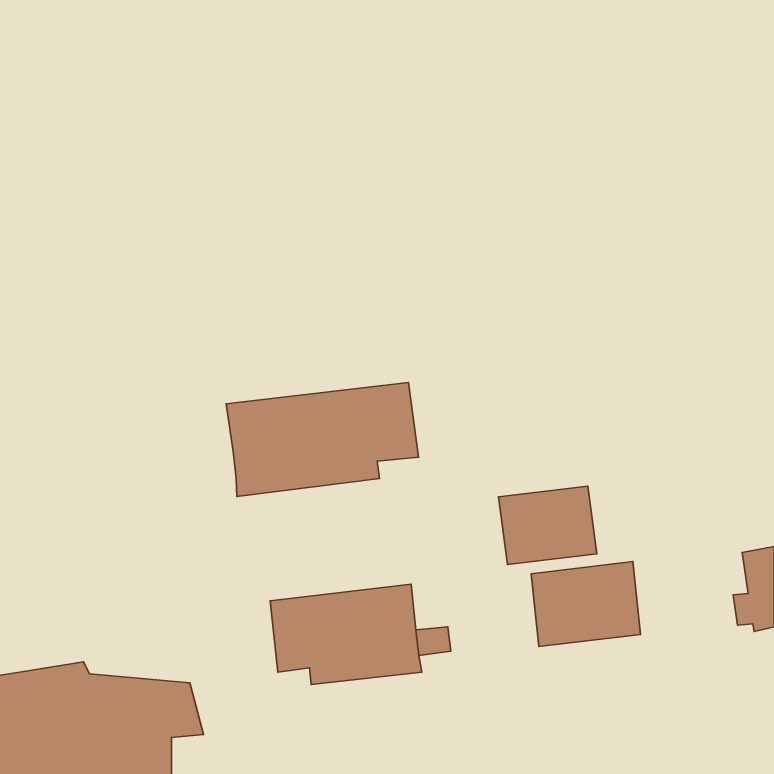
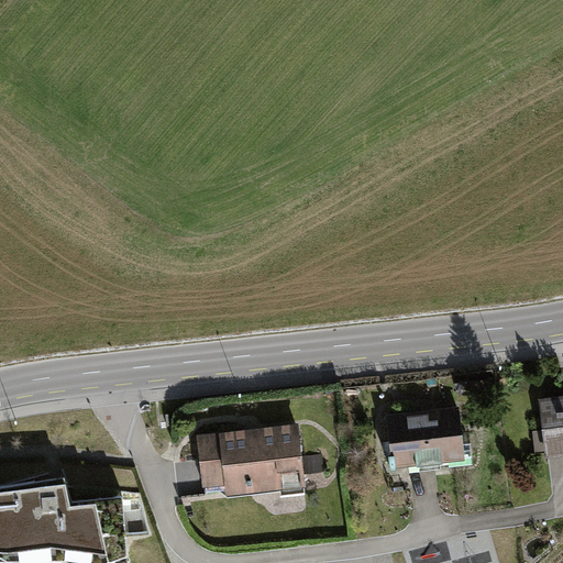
building: [226,382,418,496] -> none
building: [499,486,597,564] -> none

